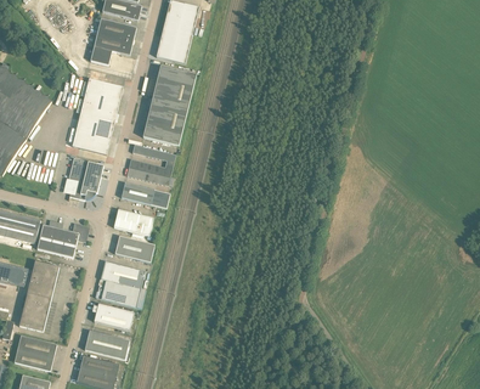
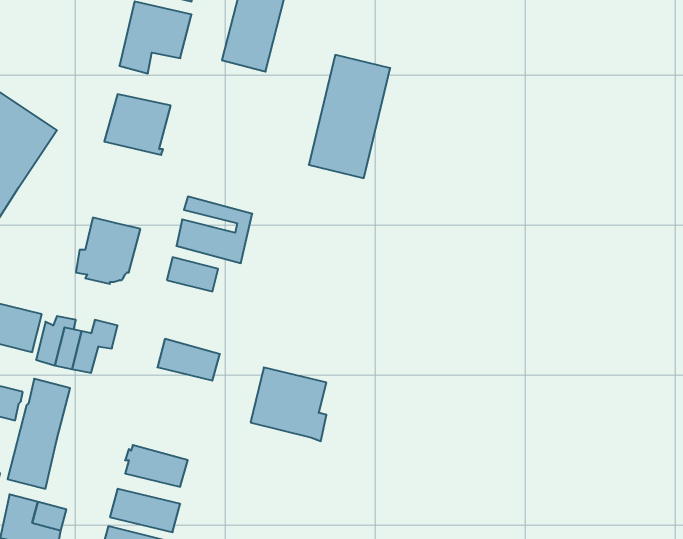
building: [142,66,194,145] -> [309,55,390,178]
building: [72,108,117,153] -> none
building: [113,209,153,235] -> none
building: [96,261,145,309] -> [251,367,326,441]

